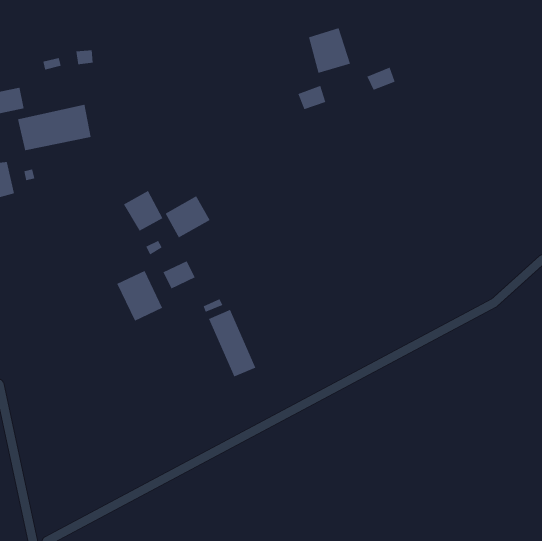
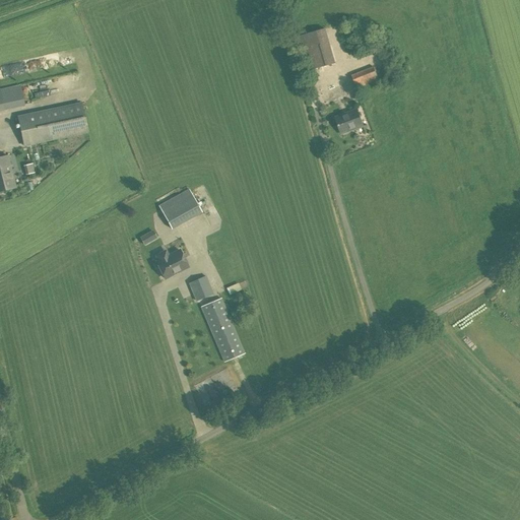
building: [297,85,326,110] -> [334,108,362,131]
building: [123,190,163,231] -> none
building: [117,270,163,322] -> none

